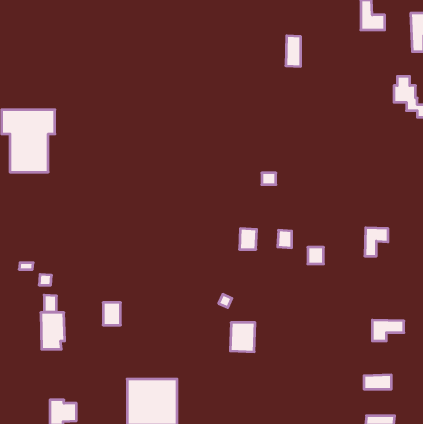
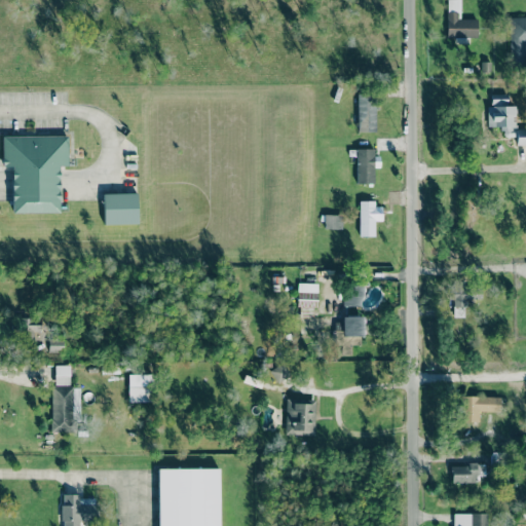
building: [286,36,301,66] -> [359,95,377,133]
building: none -> [358,149,378,184]
building: none -> [105,194,140,225]
building: none -> [361,203,383,236]
building: [308,247,324,264] -> [344,316,364,337]

